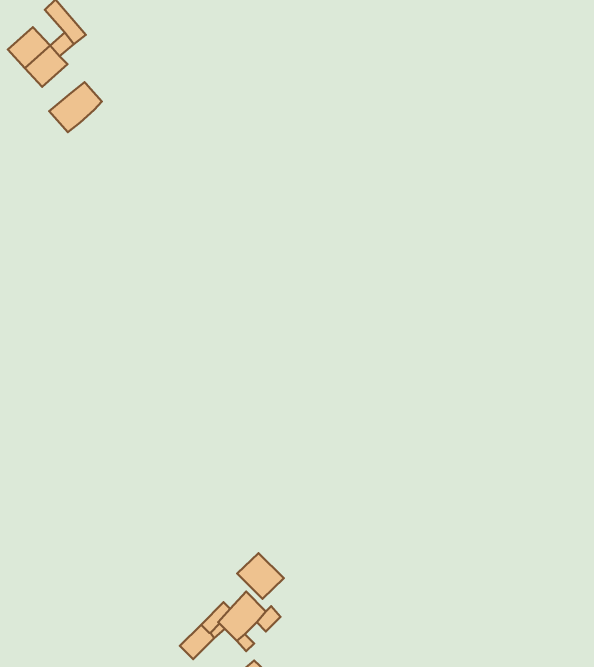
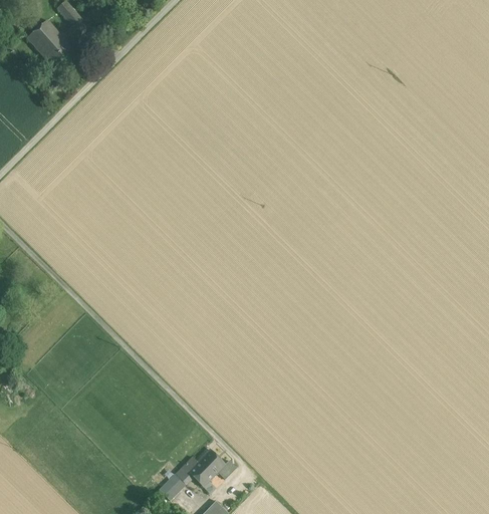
building: [49,82,102,132] -> none
building: [237,553,284,599] -> none

